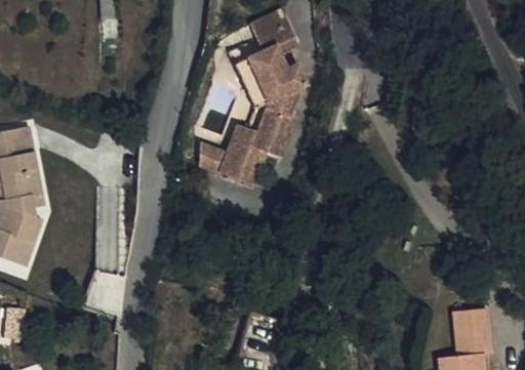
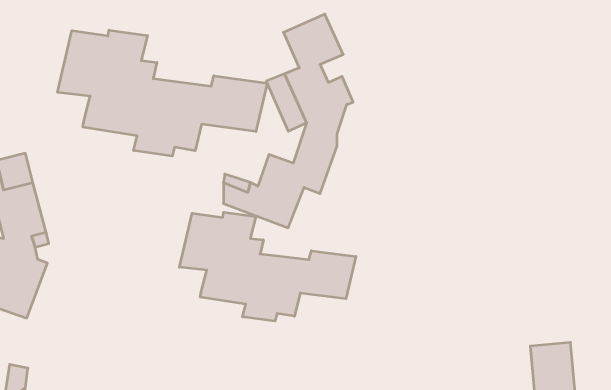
building: none -> [58,30,267,156]
building: none -> [179,212,356,321]

